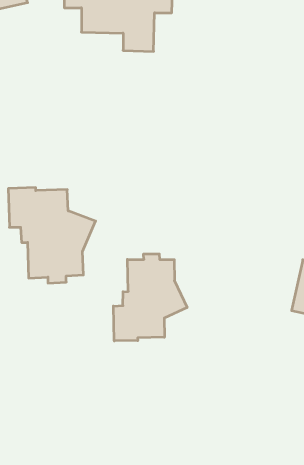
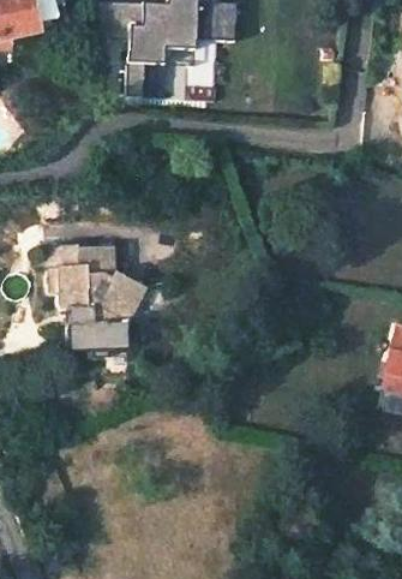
building: [113,254,187,341] -> none

